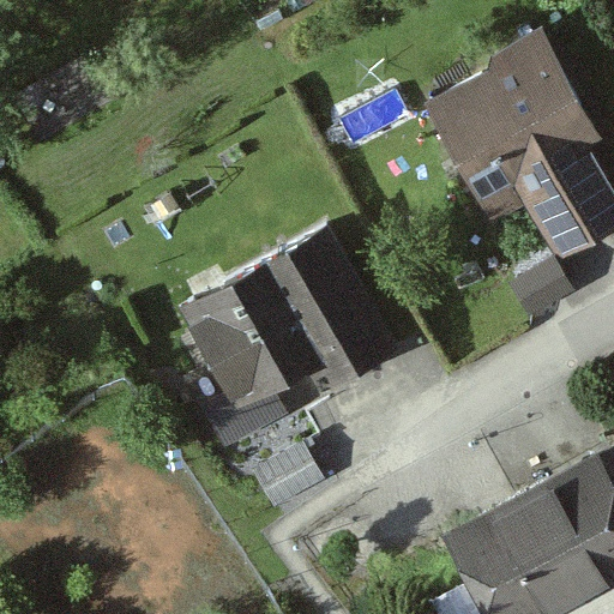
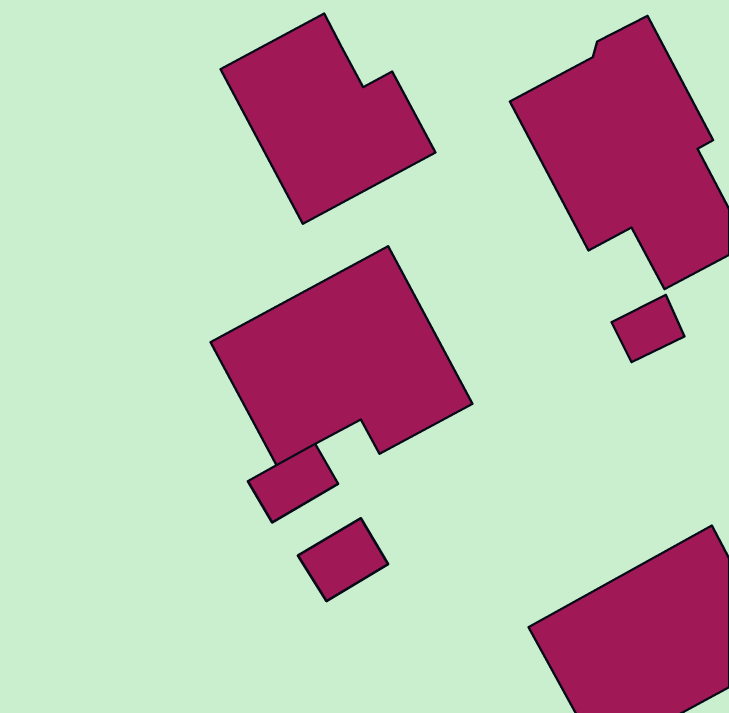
building: none -> [220,13,436,224]

